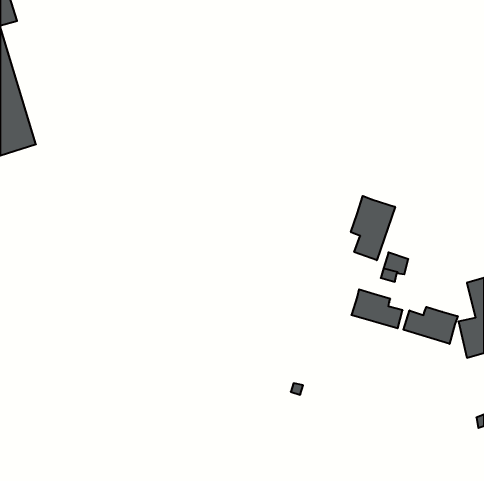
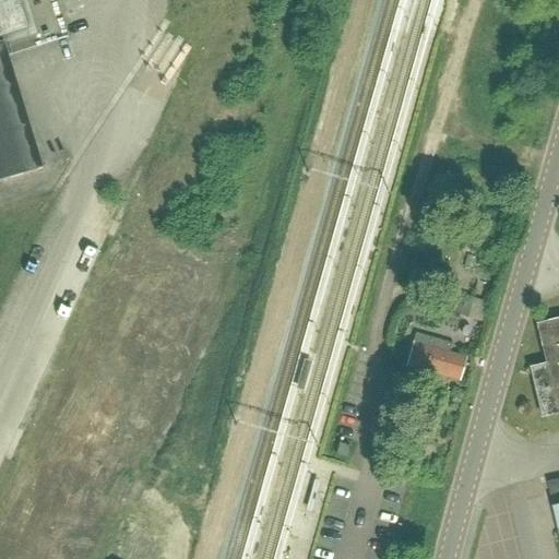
building: [351,196,395,260] -> none
building: [403,307,458,344] -> none

